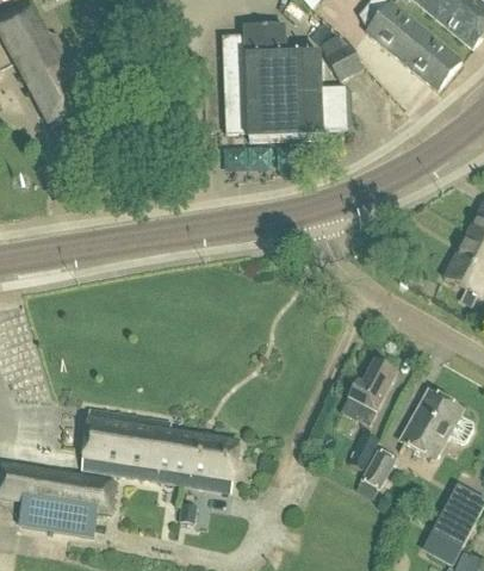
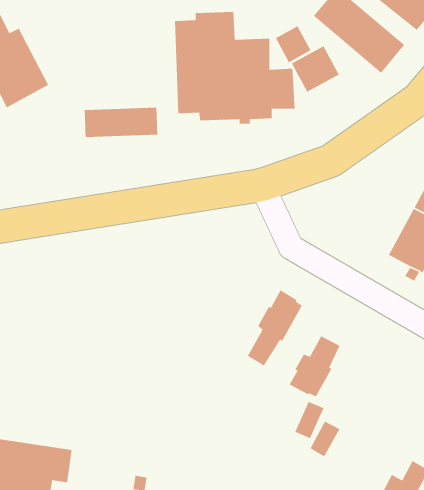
building: none -> [291,45,340,93]
building: none -> [84,107,158,138]
building: none -> [247,289,303,367]
building: [398,389,472,458] -> none
building: [80,408,237,491] -> none

